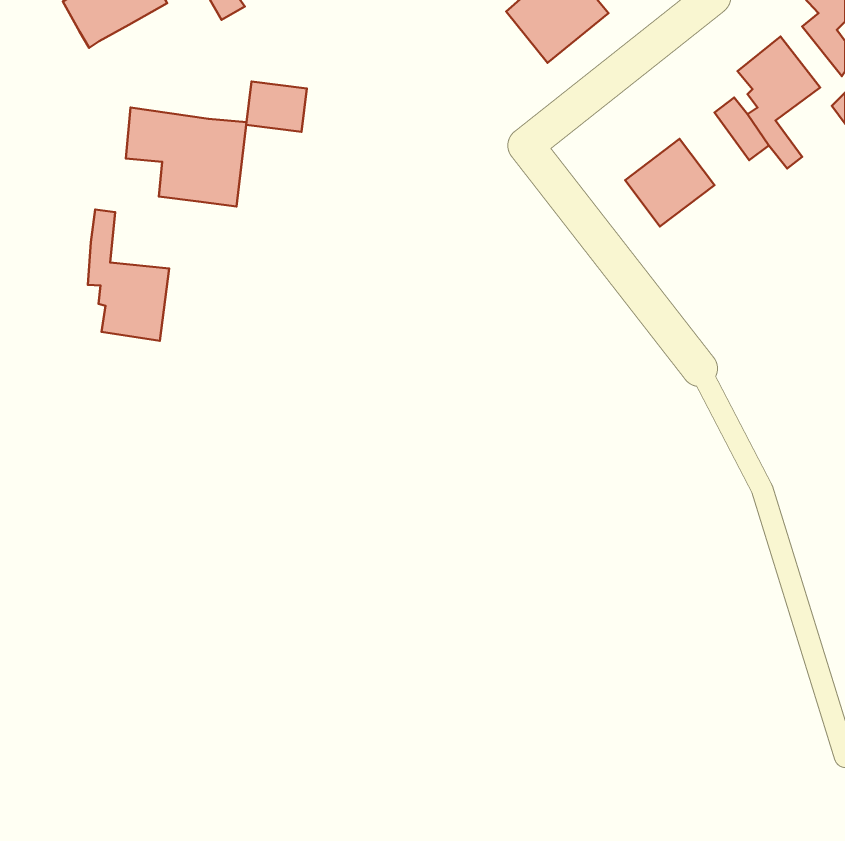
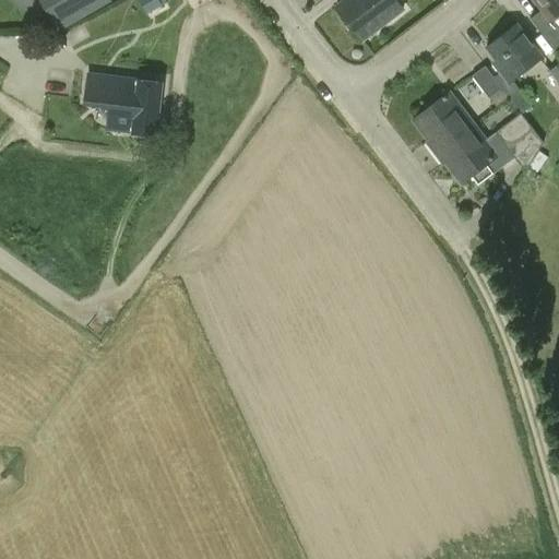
building: [246,82,307,132] -> none
building: none -> [436,111,544,183]
building: [88,210,169,341] -> none

